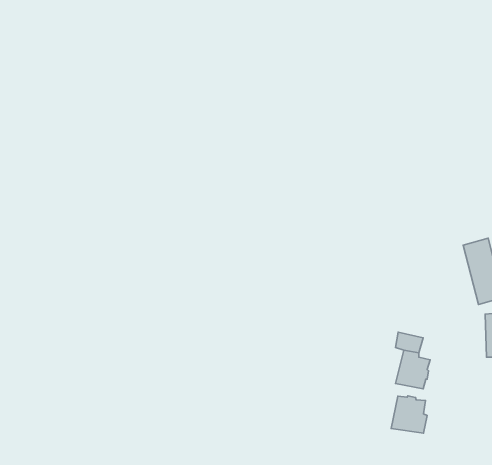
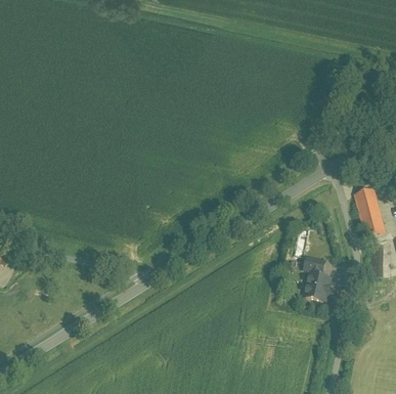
building: [391,396,427,433] -> none

